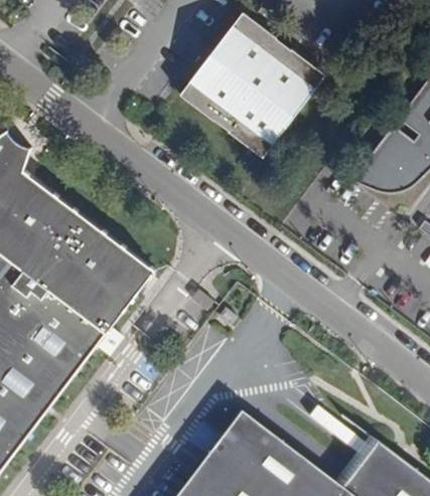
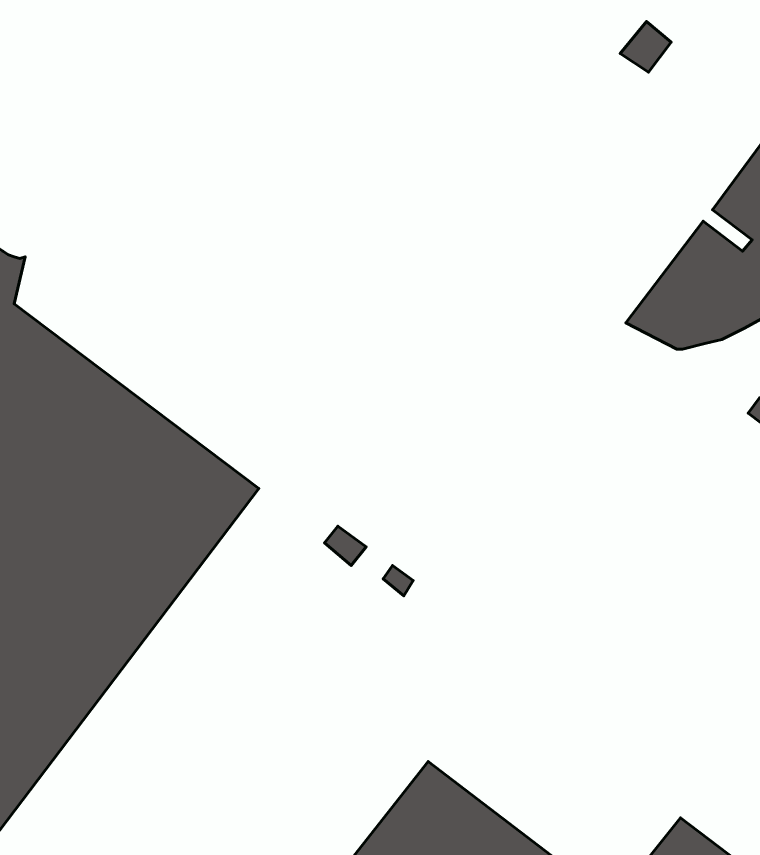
building: [177,14,324,160] -> none

